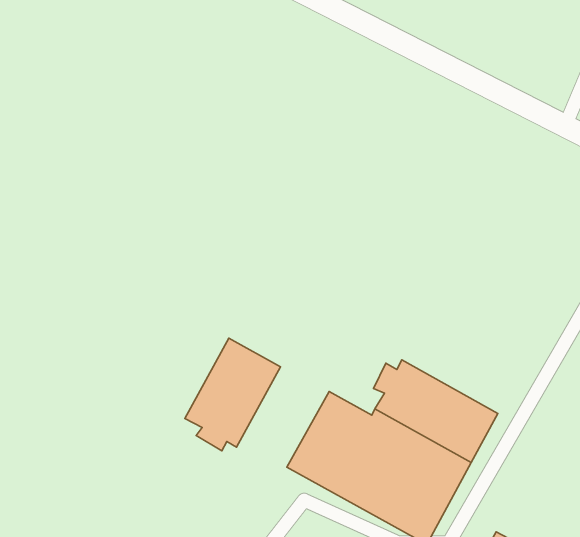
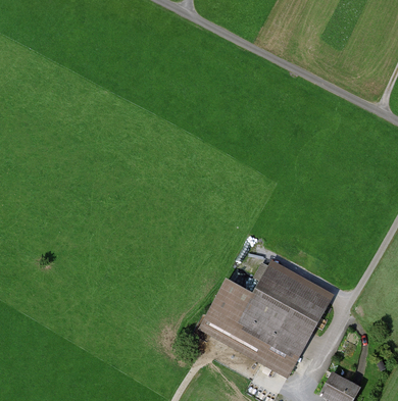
building: [185,338,281,451] -> none

